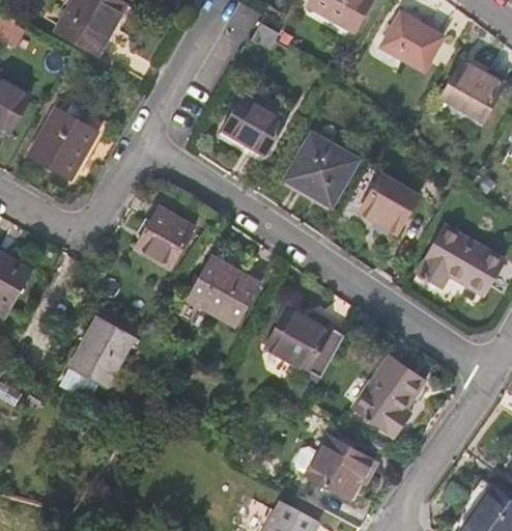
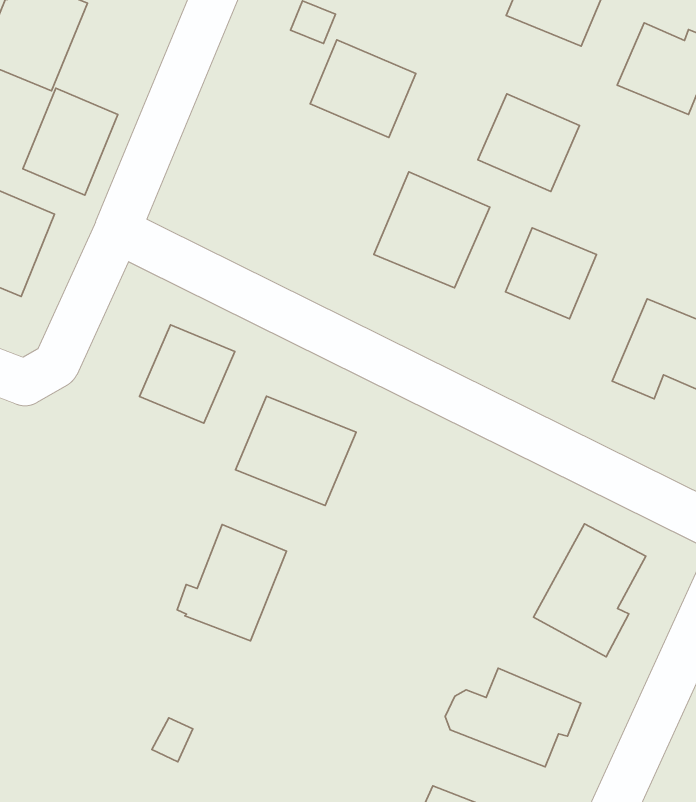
building: none -> [23,88,118,195]
building: [221,93,286,156] -> [310,40,416,138]
building: none -> [478,94,579,191]
building: [265,308,345,378] -> none
building: [64,315,134,387] -> [177,524,286,641]

